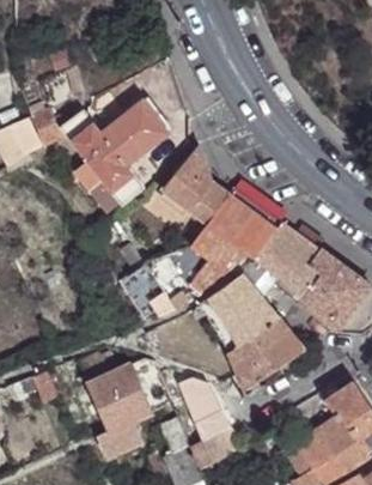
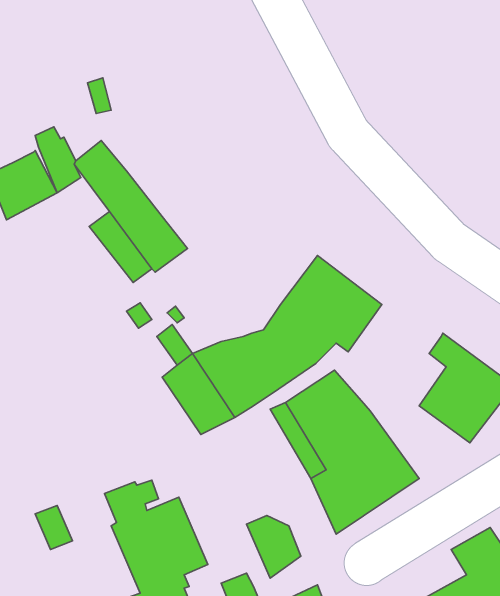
building: [98,99,166,165] -> none
building: [164,147,233,228] -> none
building: [255,223,324,299] -> none

